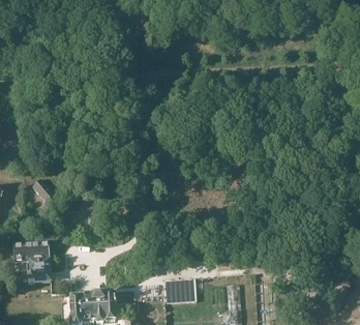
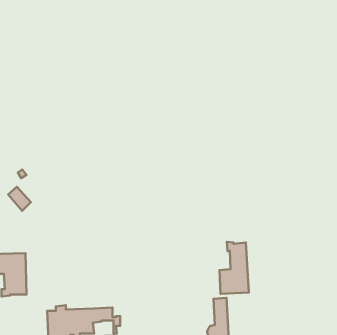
building: none -> [220,242,249,294]
building: [162,277,194,303] -> none

